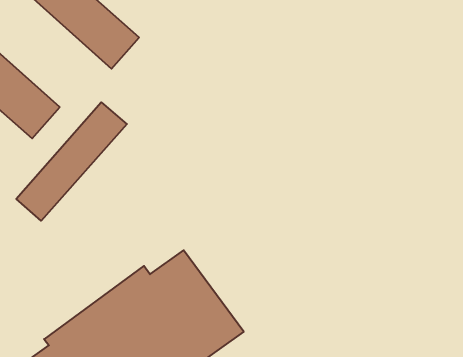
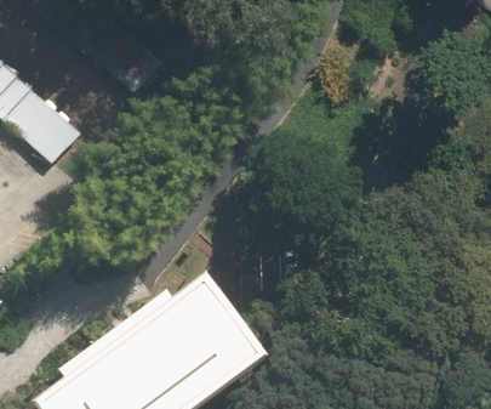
building: [16,102,127,221] -> none

